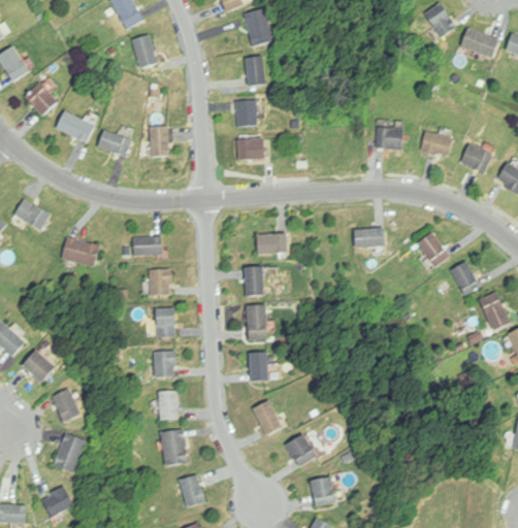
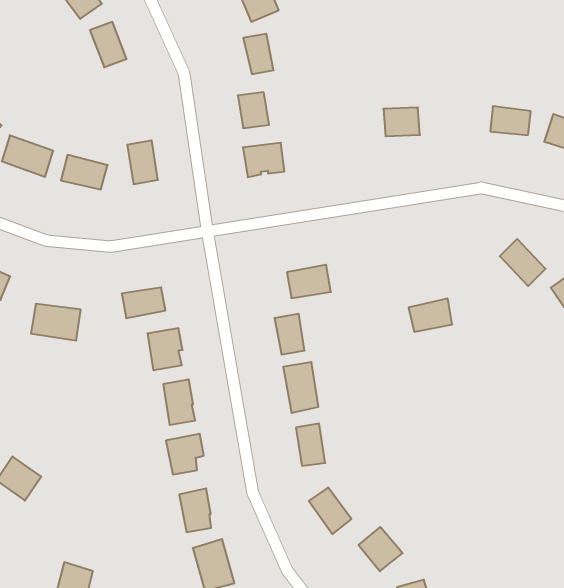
building: [376,126,402,148] -> [383,107,420,136]
building: [353,226,384,248] -> [409,299,452,332]
building: [51,388,78,421] -> none

